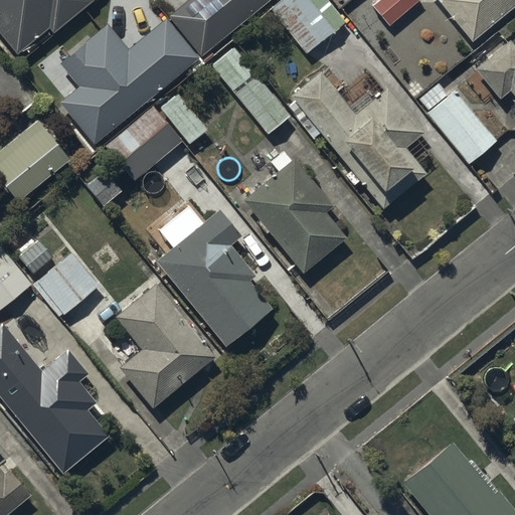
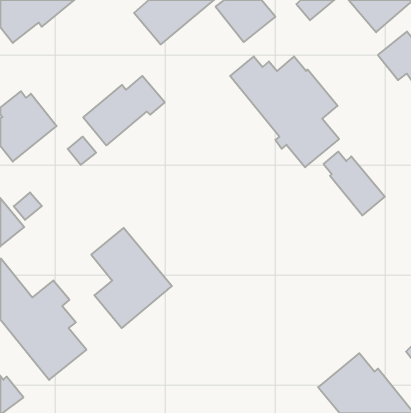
building: [59,17,199,144] -> none
building: [210,46,290,133] -> none
building: [418,83,495,163] -> [324,152,385,215]
building: [241,150,346,274] -> none
building: [155,209,272,346] -> none
building: [33,252,99,317] -> none

